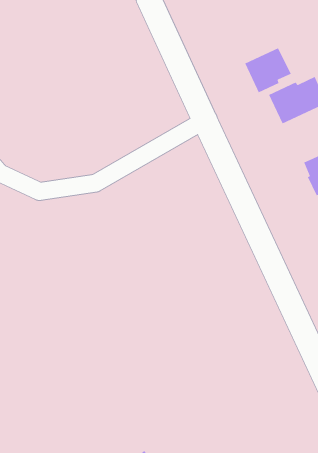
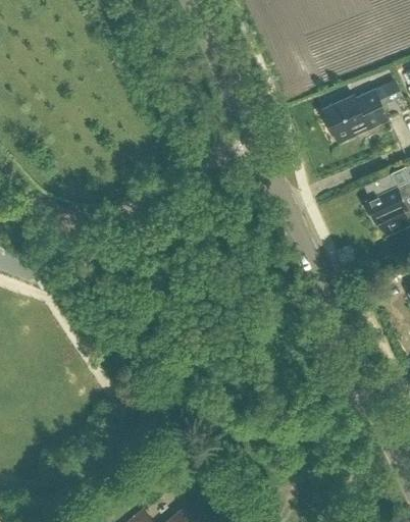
building: [244,47,292,94] -> none

